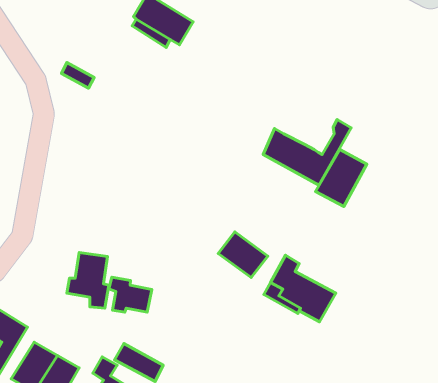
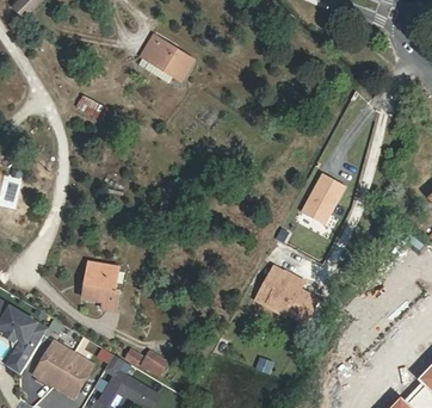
building: [263,120,351,185] -> none
building: [218,232,268,278] -> none
building: [109,277,152,312] -> none

